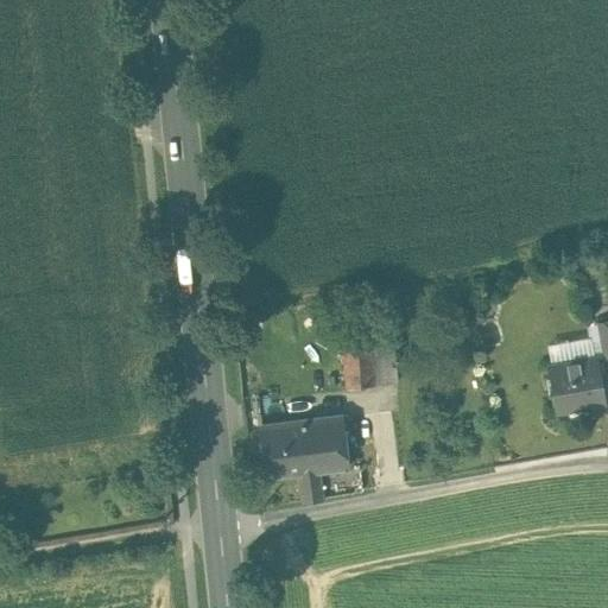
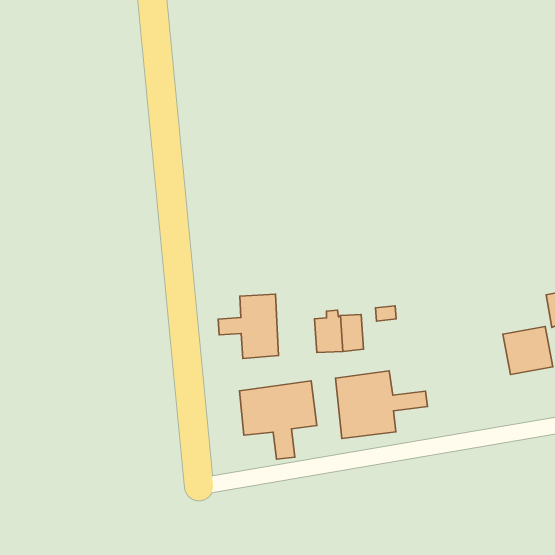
building: none -> [218,294,278,358]
building: none -> [336,371,428,439]

